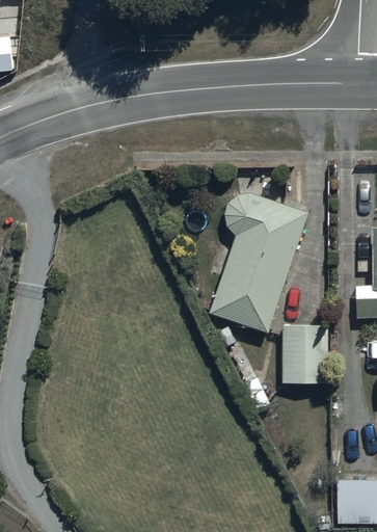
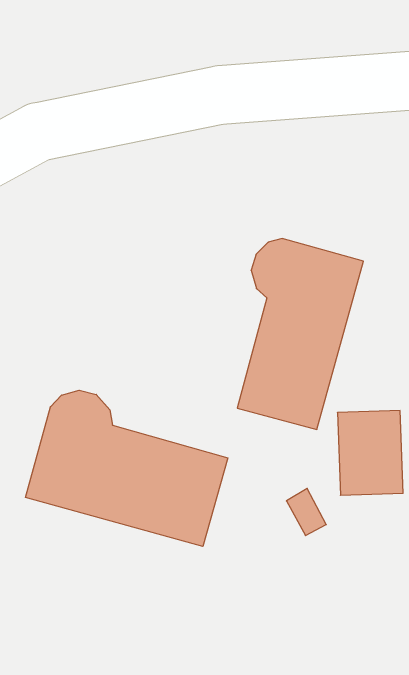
building: none -> [26,390,228,546]

